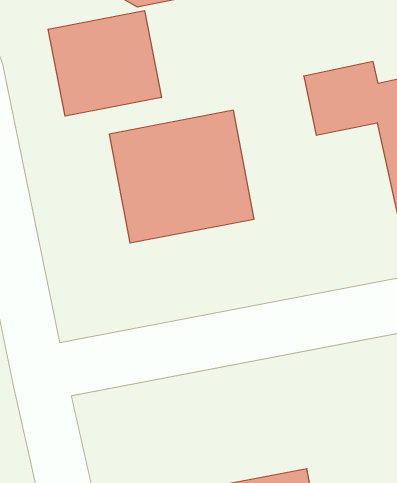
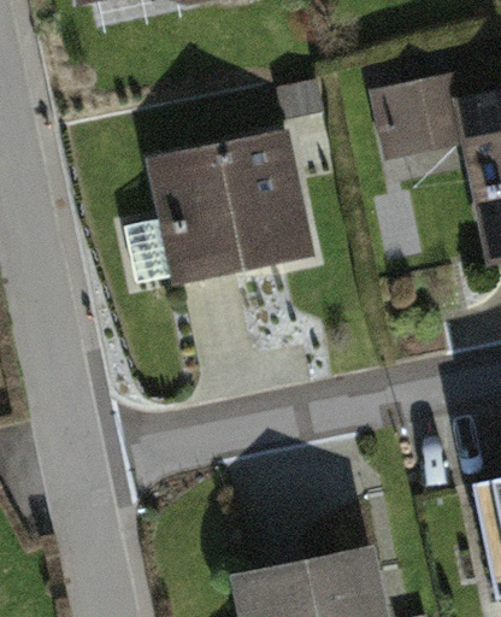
building: [48,11,161,116] -> none

